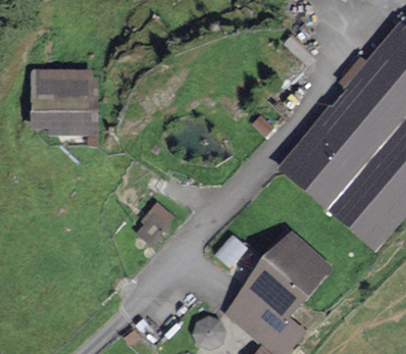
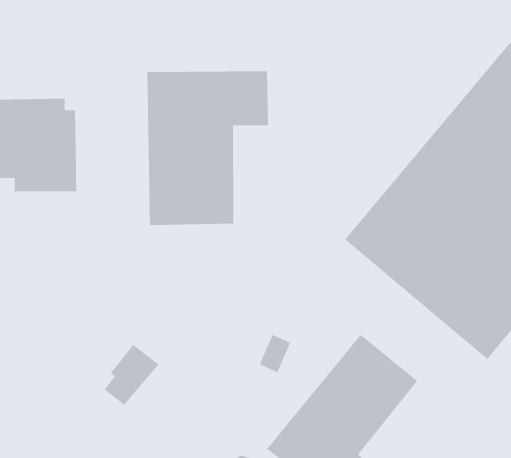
building: none -> [146,70,269,226]
building: [135,201,173,244] -> [104,344,160,406]

